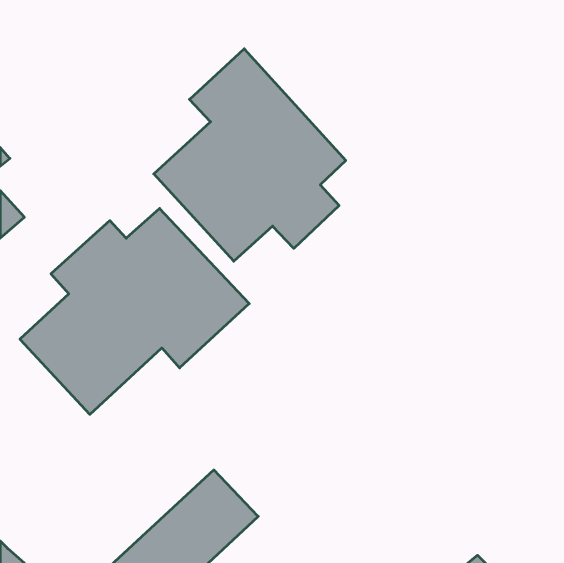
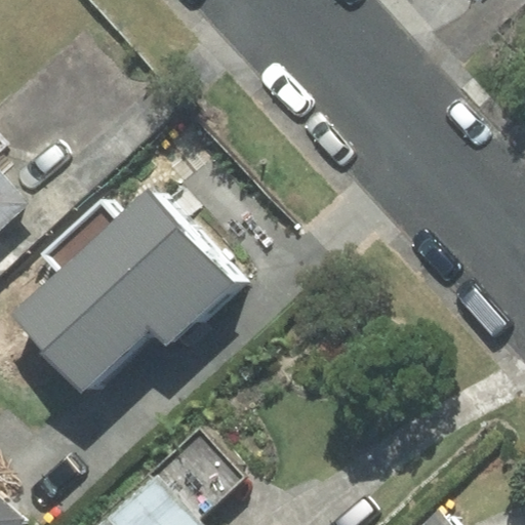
building: [154,49,346,261] -> none

